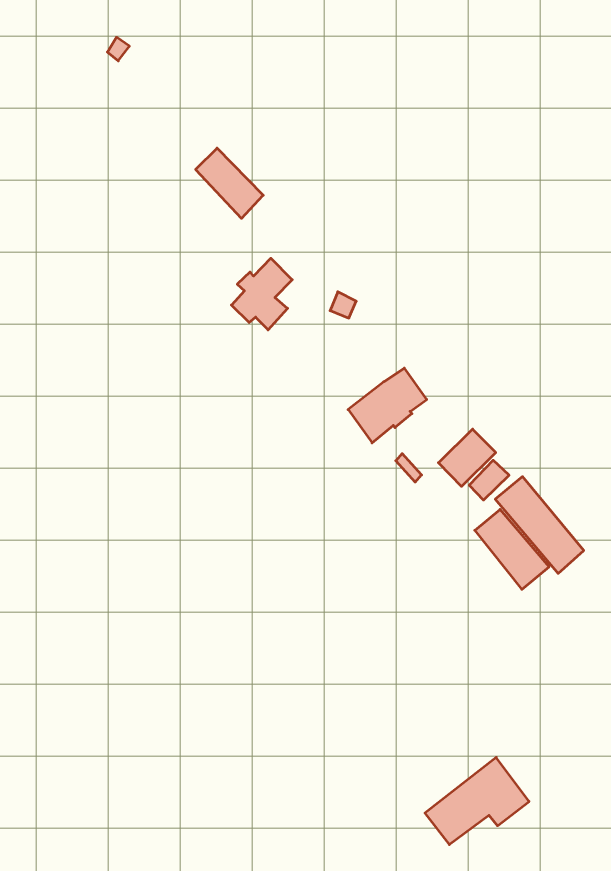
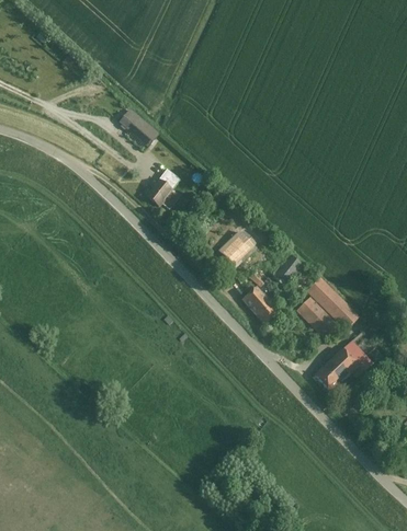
building: none -> [242,286,279,324]
building: [425,757,529,845] -> [315,339,373,391]

